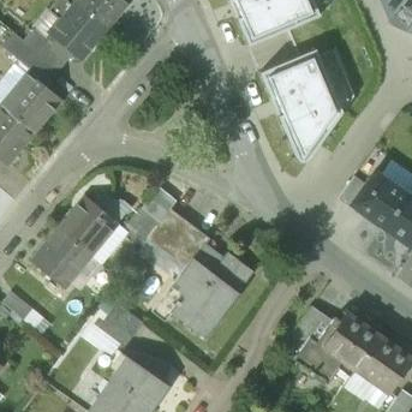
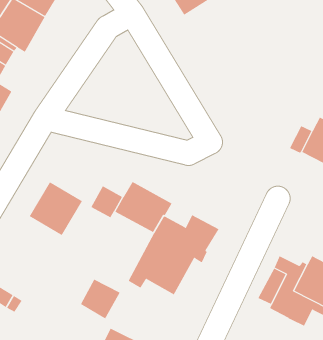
building: [261,48,342,163] -> none
building: [34,228,91,287] -> none

